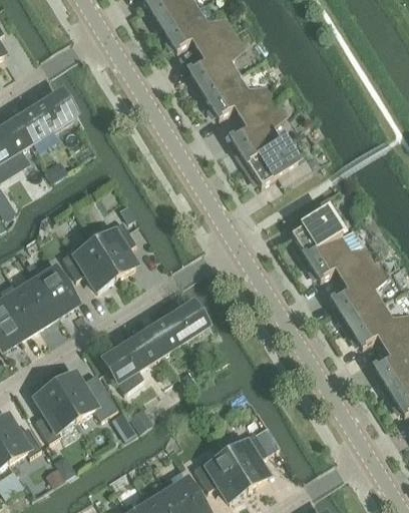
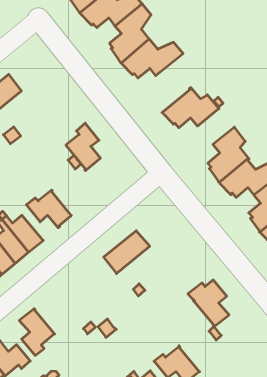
building: [232,94,287,163] -> none
building: [95,218,136,277] -> [66,123,100,171]
building: [104,331,161,391] -> none
building: [55,371,117,419] -> none
building: [221,430,268,487] -> [188,280,229,326]

